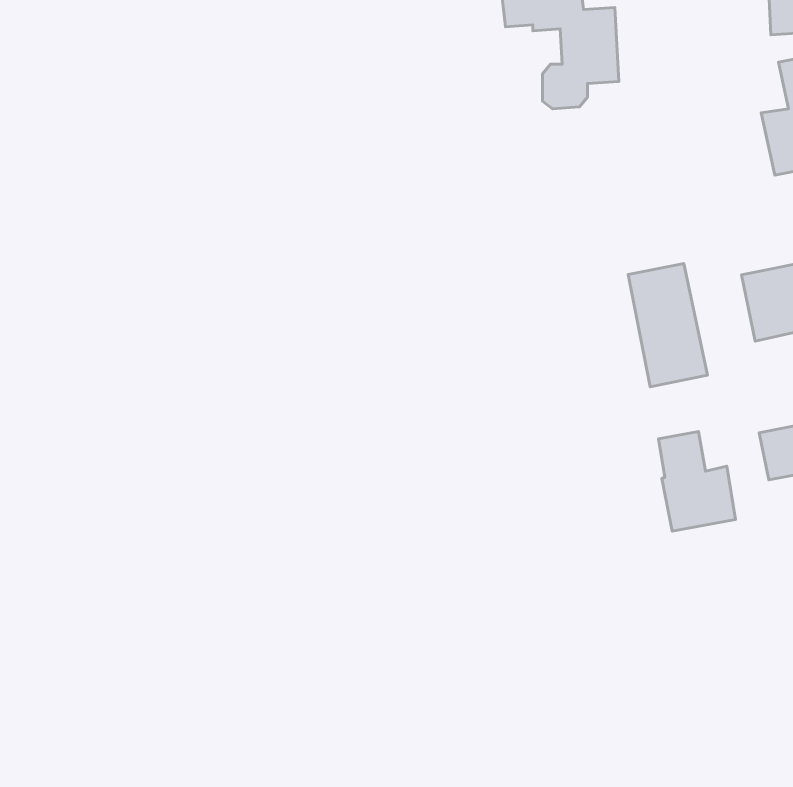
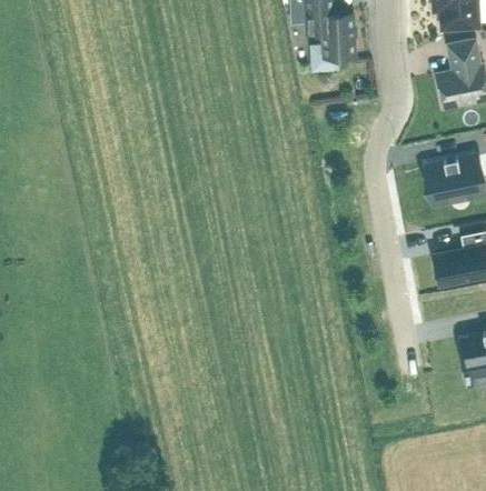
building: [628,263,707,387] -> none
building: [658,431,736,531] -> none

